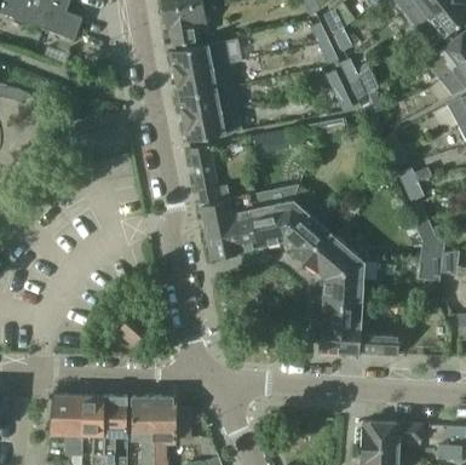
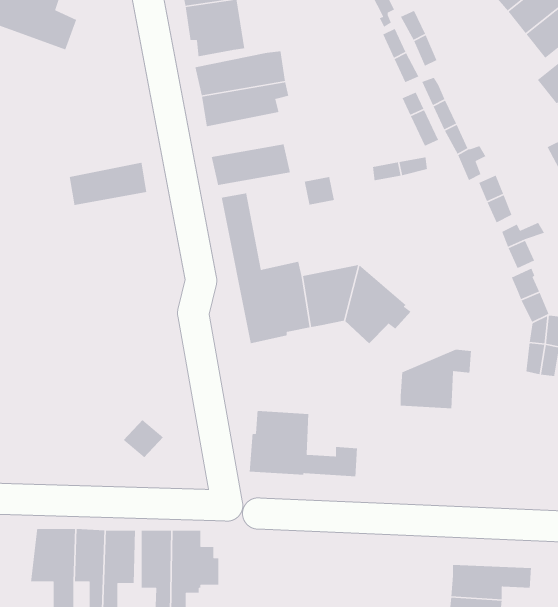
building: [180,86,238,119] -> [69,162,147,206]
building: [301,234,366,279] -> none
building: [318,304,399,354] -> [249,410,358,477]

